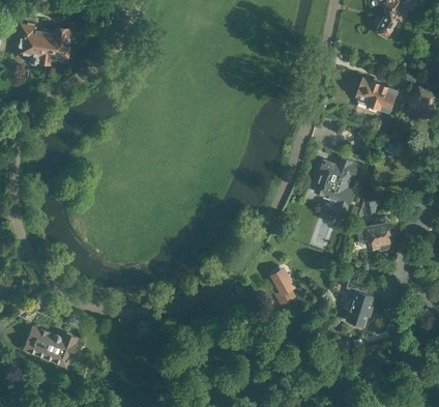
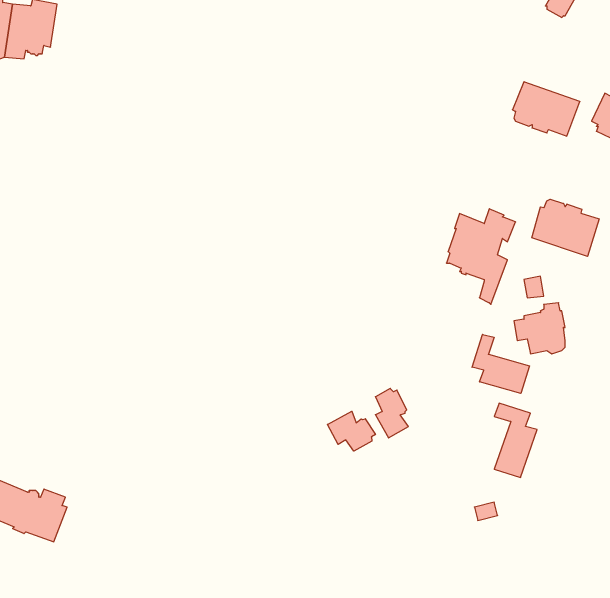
building: none -> [532,199,599,256]
building: none -> [472,334,529,393]
building: none -> [327,411,375,451]

